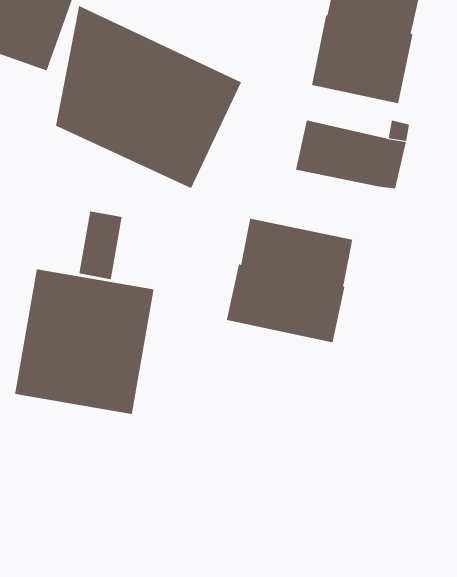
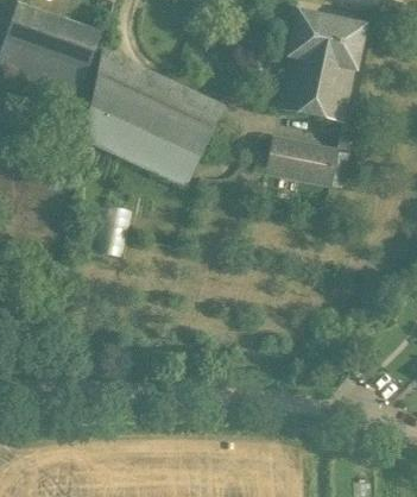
building: [226,218,353,343] -> none
building: [15,269,154,415] -> none

